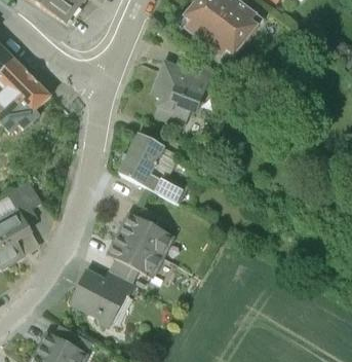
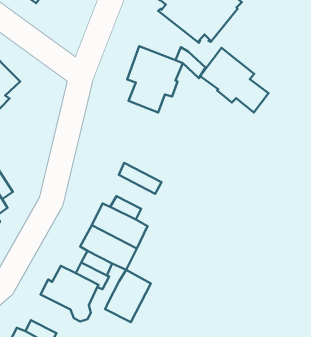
building: none -> [200,48,268,112]
building: [118,133,162,185] -> none
building: none -> [105,270,151,322]

